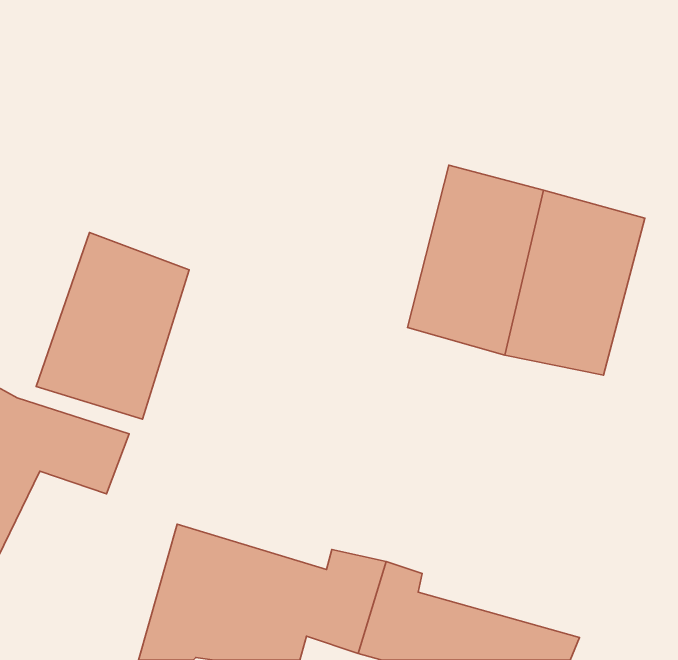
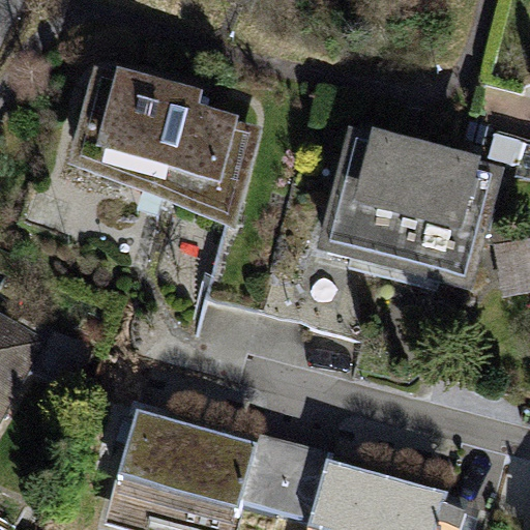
building: none -> [68,68,261,224]
building: [36,232,189,419] -> none

